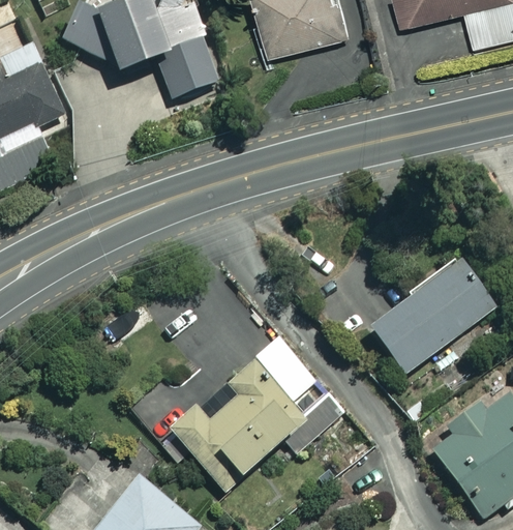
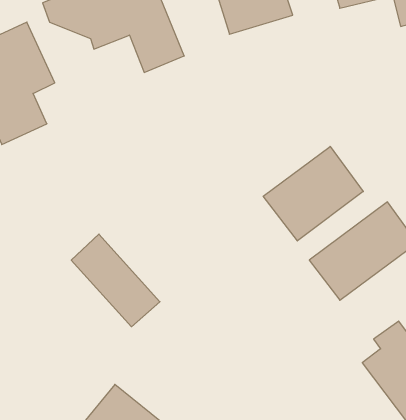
building: none -> [263,146,363,241]
building: none -> [71,234,160,327]
building: [169,337,345,491] -> none

